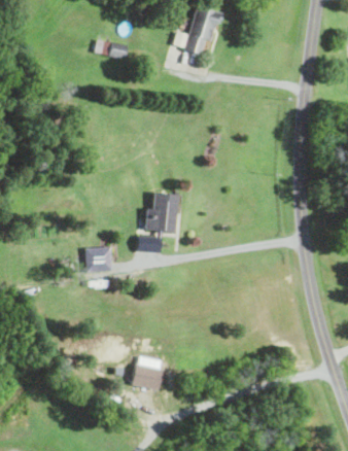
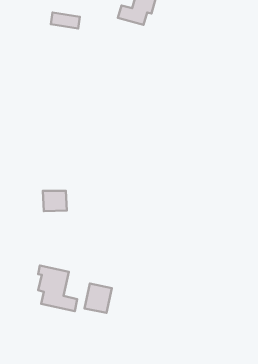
building: [137,193,177,253] -> none
building: none -> [38,266,77,311]

